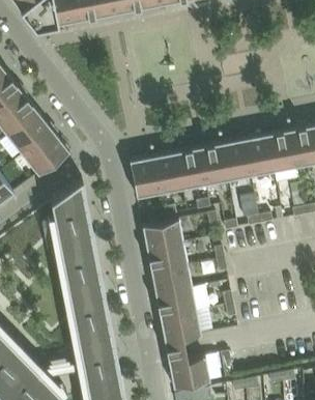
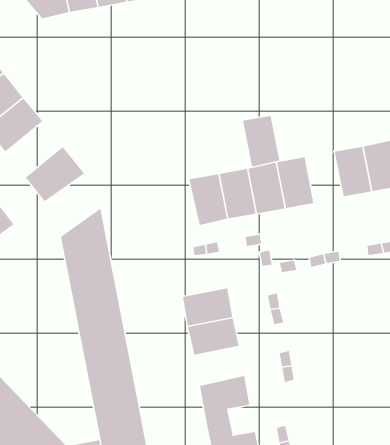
building: [6,112,52,156] -> none
building: [244,136,274,177] -> [242,115,280,167]
building: [128,158,160,199] -> none
building: [141,221,182,251] -> none
building: [155,290,196,321] -> none

